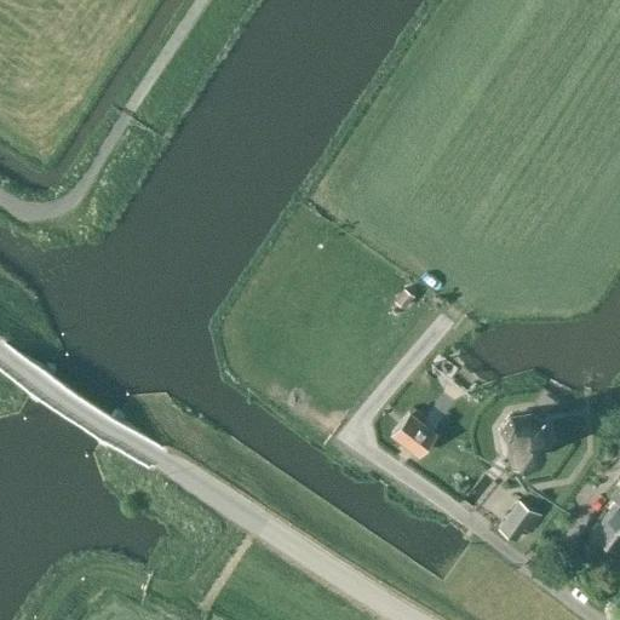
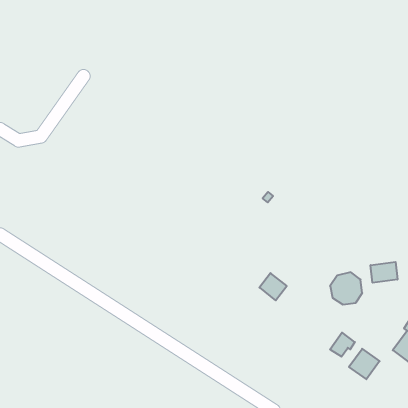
building: none -> [371,262,397,283]
building: none -> [349,349,380,379]

